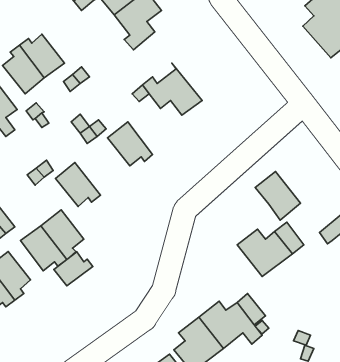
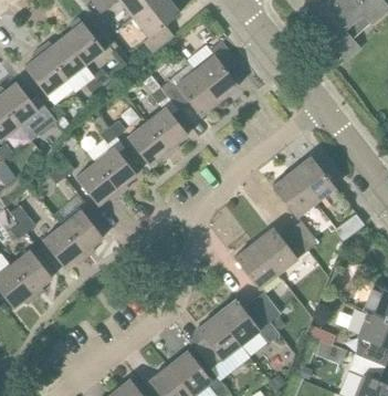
building: none -> [62,18,103,65]
building: none -> [193,41,238,102]
building: none -> [146,107,187,155]
building: none -> [94,147,136,195]
building: none -> [291,156,335,202]
building: none -> [233,243,277,290]
building: [54,252,93,286] -> none

